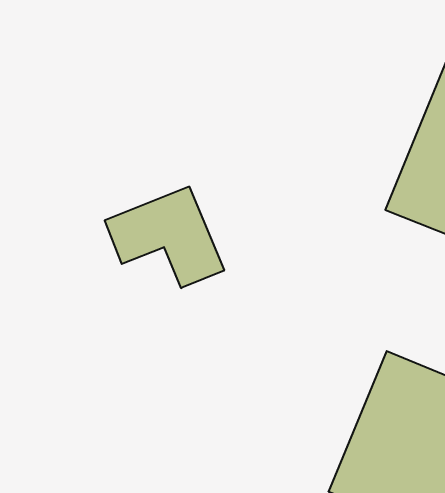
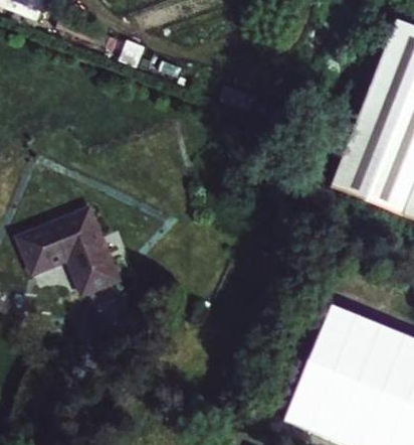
building: [105,187,224,288] -> [19,208,119,293]

